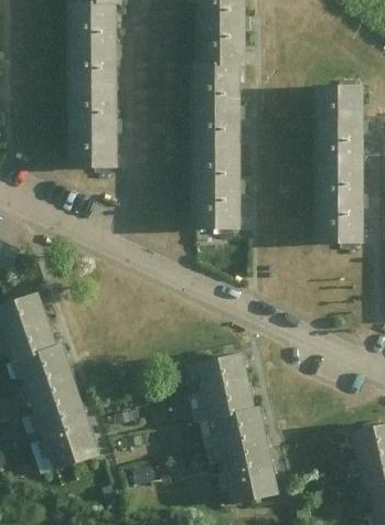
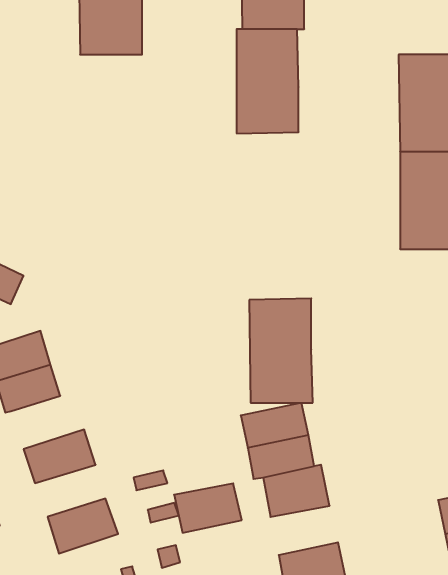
building: [68,82,118,162] -> none
building: [191,142,240,224] -> [249,298,313,403]
building: [14,345,72,390] -> none
building: [33,403,88,443] -> none
building: [217,435,270,473] -> [174,483,242,533]

